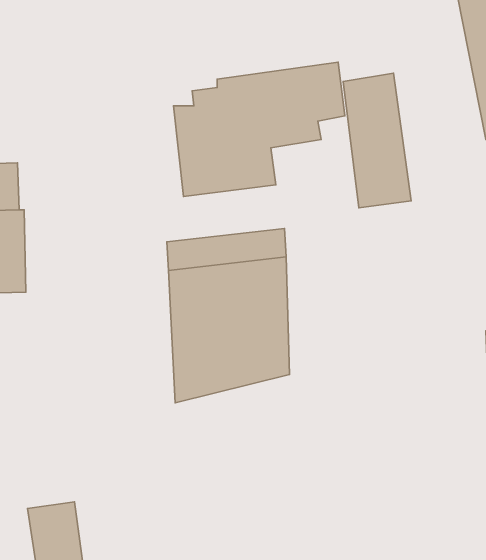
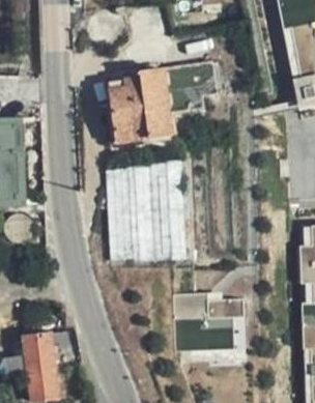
building: [343,73,411,208] -> none
building: none -> [177,292,247,345]

